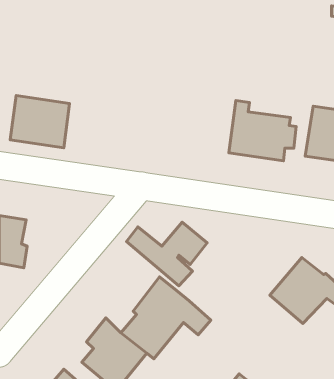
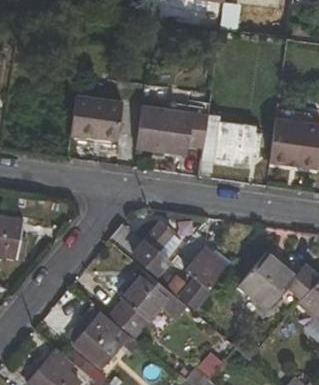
building: none -> [135,105,193,155]
building: [10,95,70,148] -> [70,95,122,141]
building: none -> [167,249,230,310]

